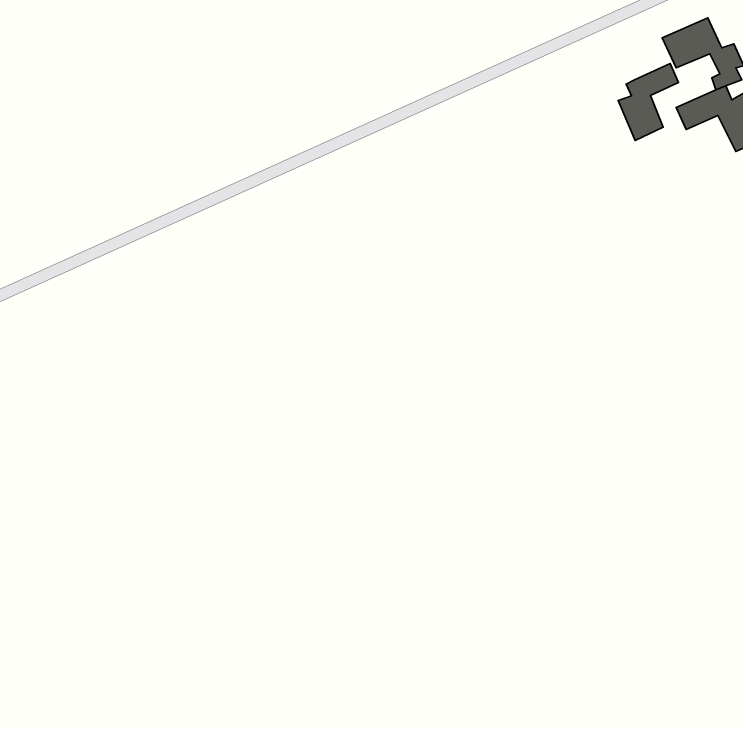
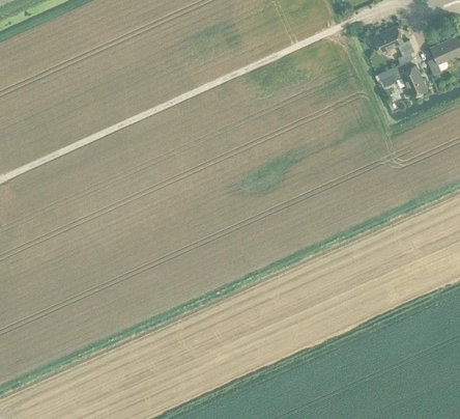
building: [618,64,679,140] -> none

